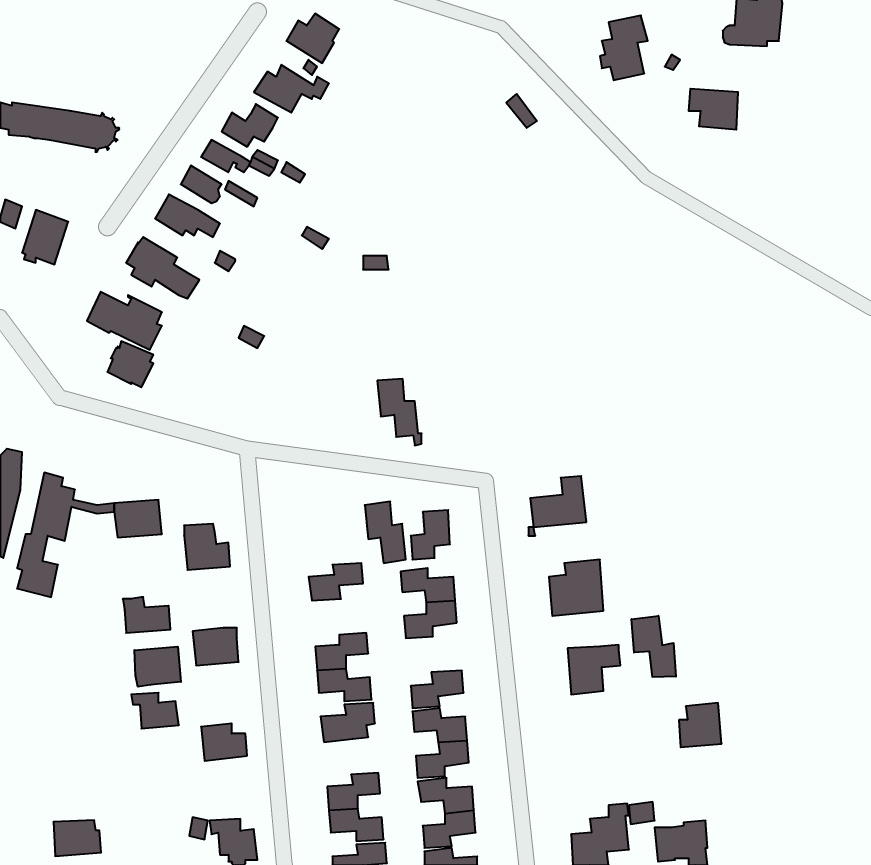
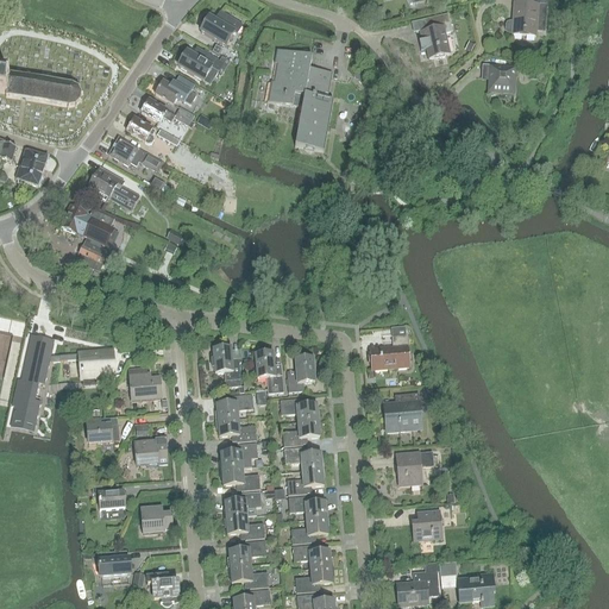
building: none -> [266,48,333,149]
building: [377,379,422,445] -> [213,345,244,391]
building: none -> [218,417,256,440]
building: [632,616,676,677] -> none
building: none -> [283,445,322,469]
building: [134,647,181,687] -> none
building: [679,703,722,747] -> [412,508,441,539]
building: none -> [226,515,264,538]
building: [53,820,101,856] -> [98,548,131,573]

